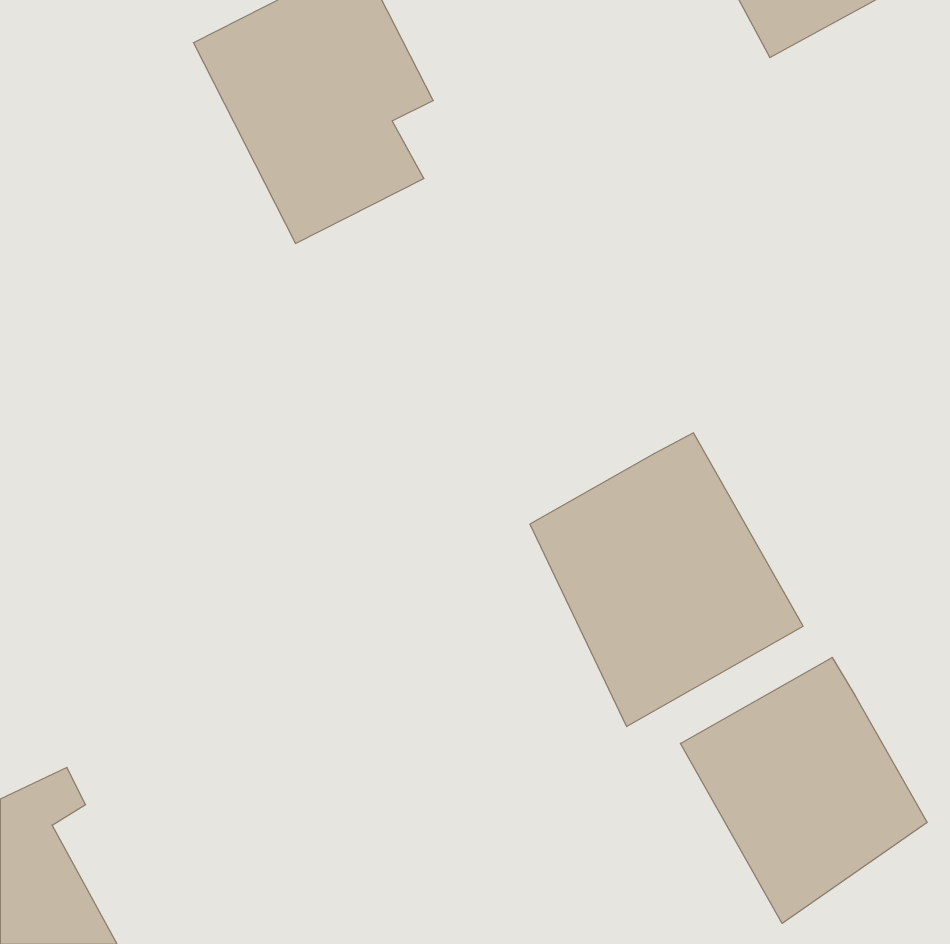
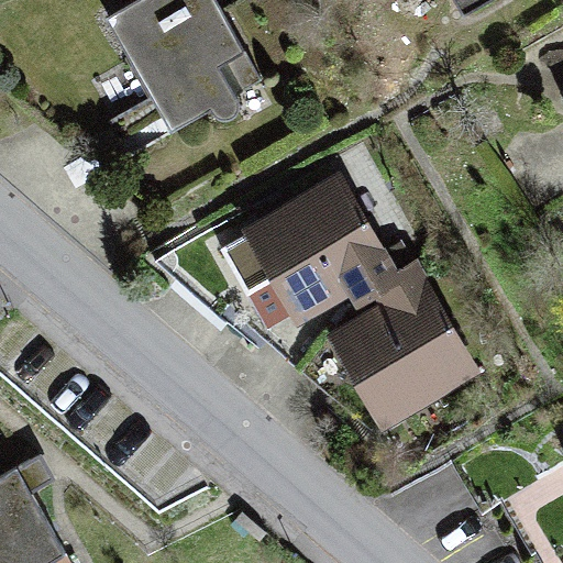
building: none -> [234,169,387,327]
building: [680,657,927,923] -> none

